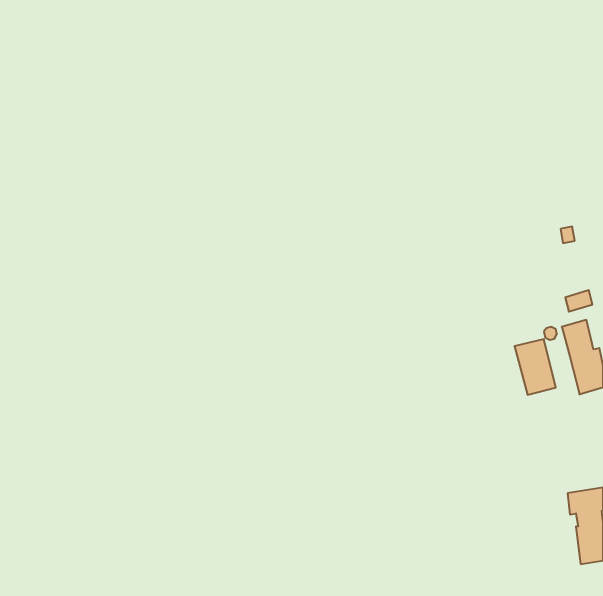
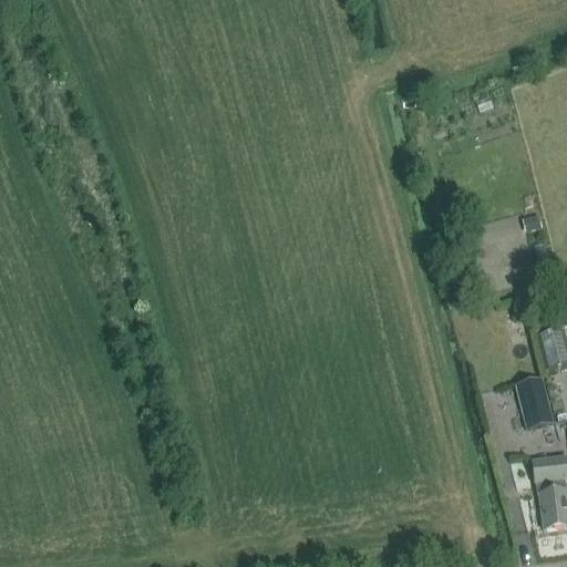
building: [514,339,556,395] -> [514,375,553,427]

